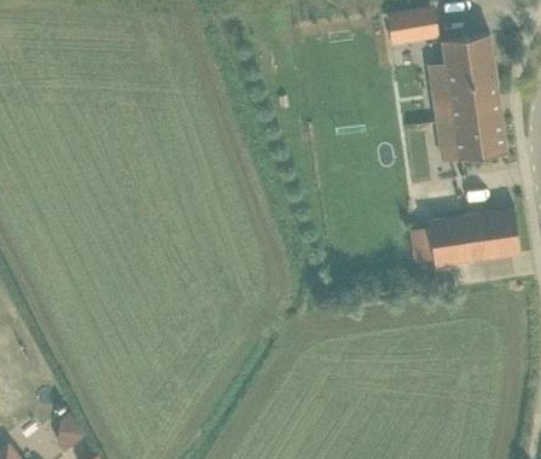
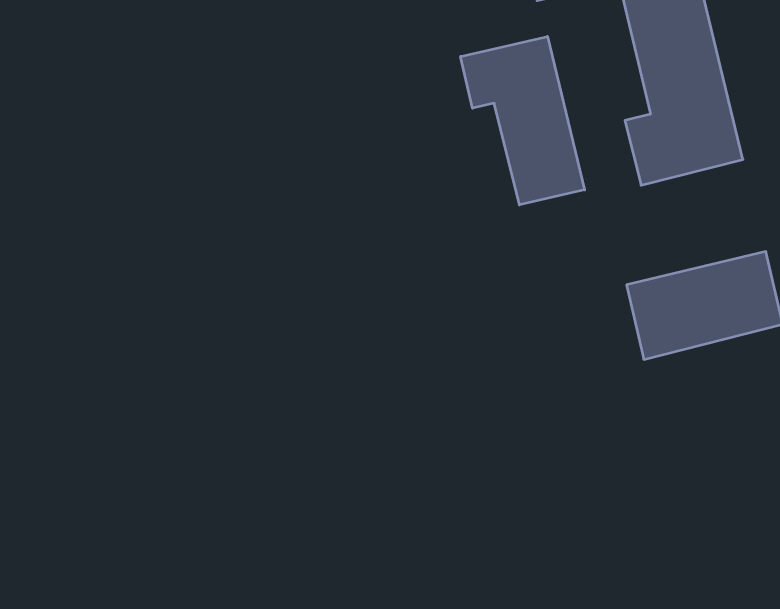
building: none -> [461,36,585,205]

